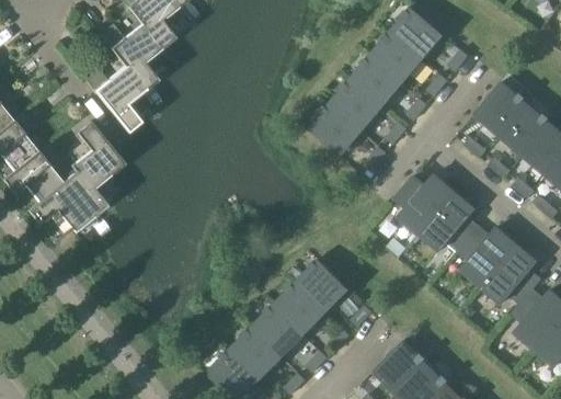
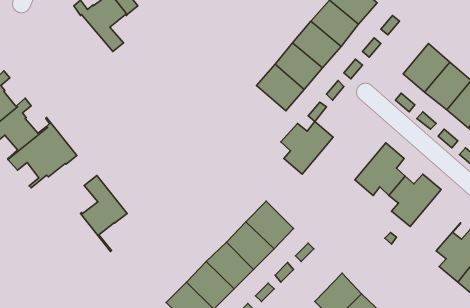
building: [84,47,146,132] -> none
building: [71,121,124,206] -> [80,176,127,252]
building: [394,174,454,233] -> [281,122,333,174]
building: [481,244,538,314] -> none

